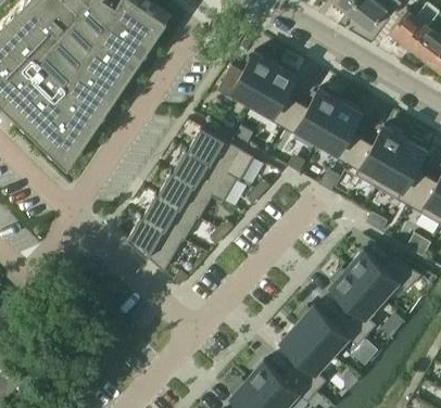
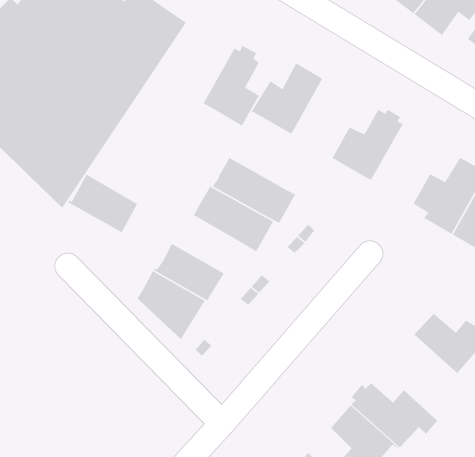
building: [251,63,297,128] -> [203,45,260,127]
building: [314,101,362,165] -> none
building: [155,173,212,220] -> [67,174,138,234]
building: [331,268,387,336] -> none

